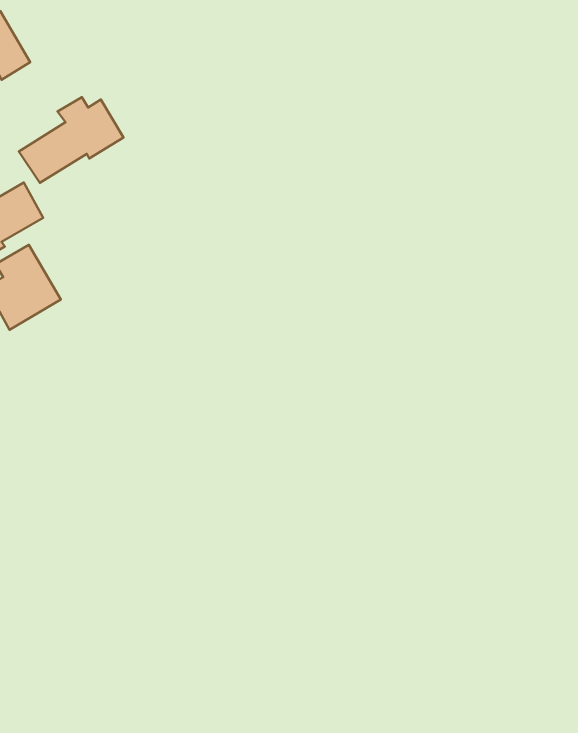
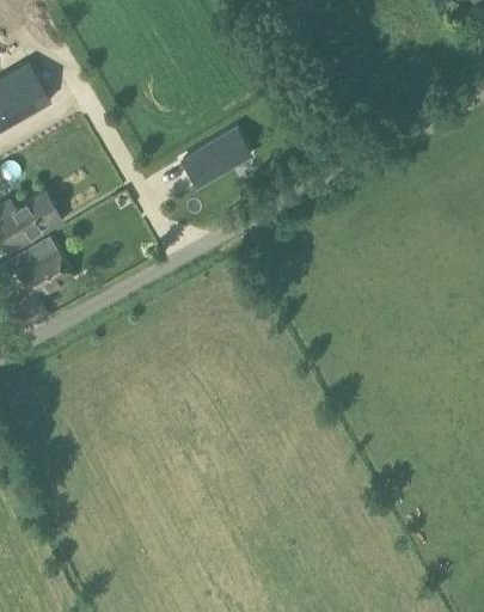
building: [19,97,124,183] -> none
building: none -> [179,131,247,189]

